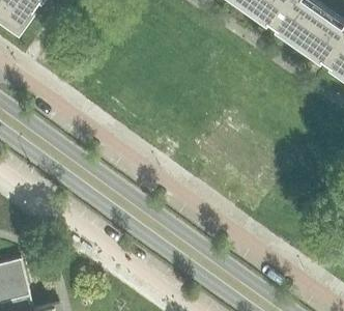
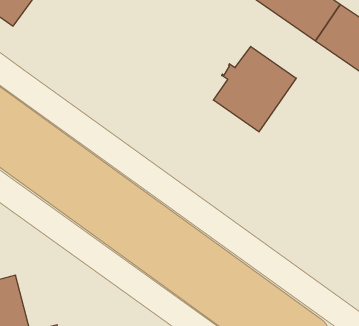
building: none -> [213,46,296,132]

